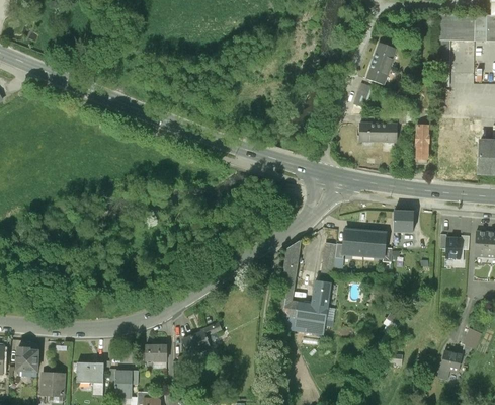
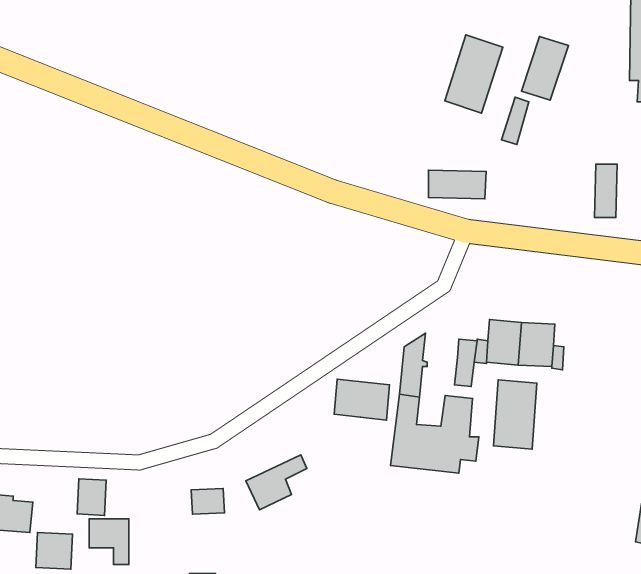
building: none -> [445,35,503,113]
building: [358,123,397,142] -> [428,170,486,199]
building: [393,211,415,233] -> none
building: none -> [334,379,389,420]
building: none -> [494,380,537,449]
building: [116,370,136,394] -> [77,479,106,515]

